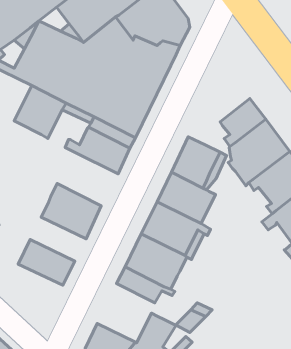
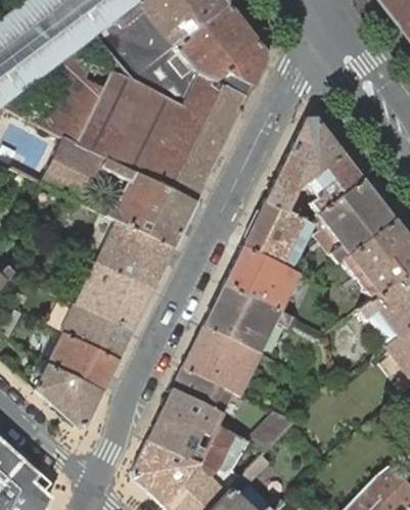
building: none -> [264,117,343,212]
building: none -> [96,220,174,289]
building: none -> [61,304,133,360]
building: none -> [34,364,103,428]
building: none -> [147,388,228,464]

